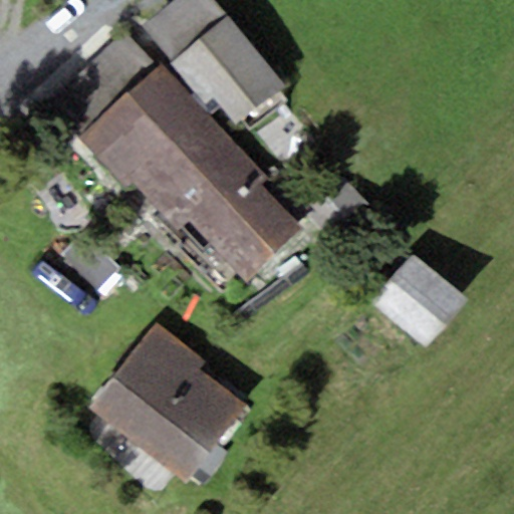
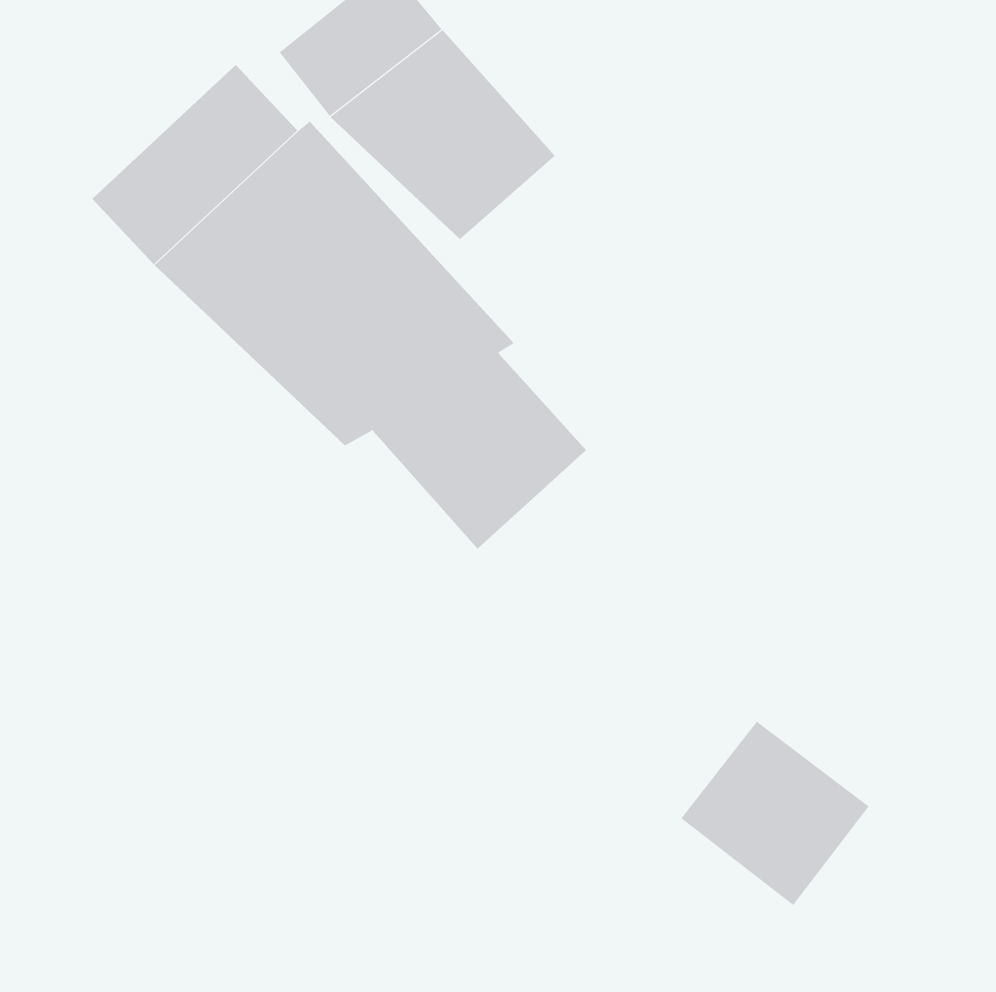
building: [373,254,471,349] -> [680,721,869,906]
building: [88,320,243,481] -> none

